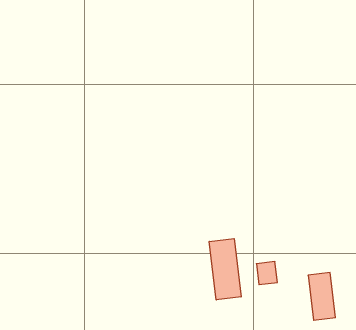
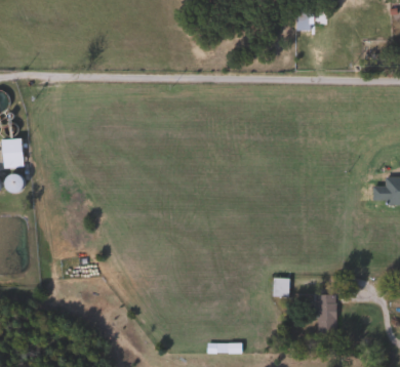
building: [209,239,241,300] -> none

